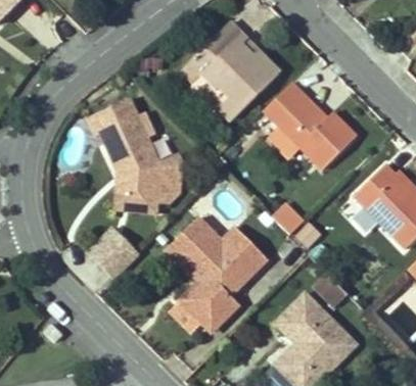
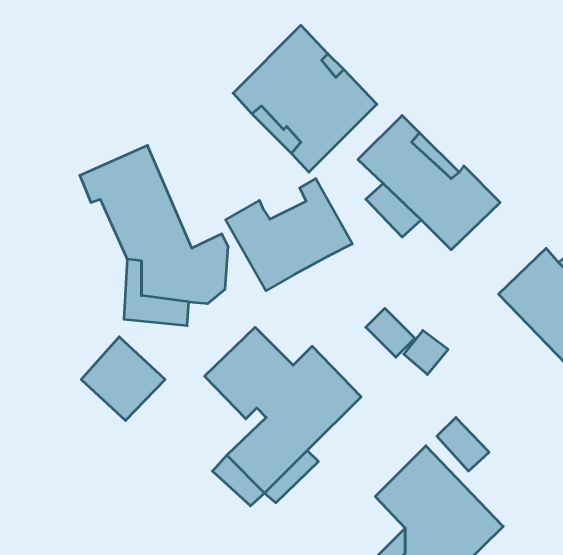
building: none -> [226,179,352,291]

